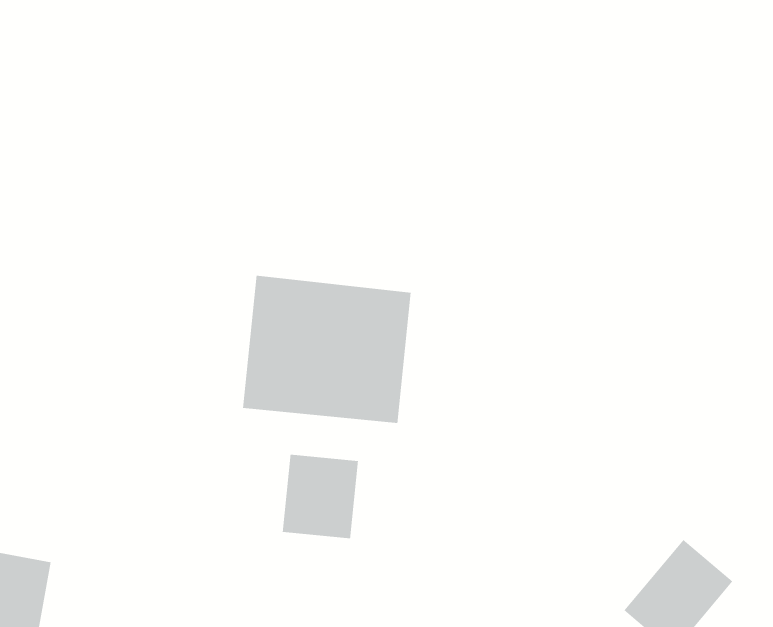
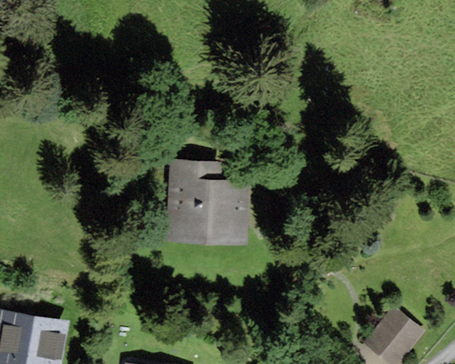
building: [282,454,359,539] -> none

